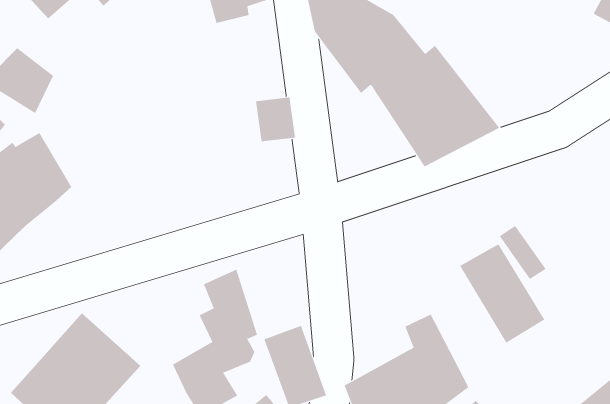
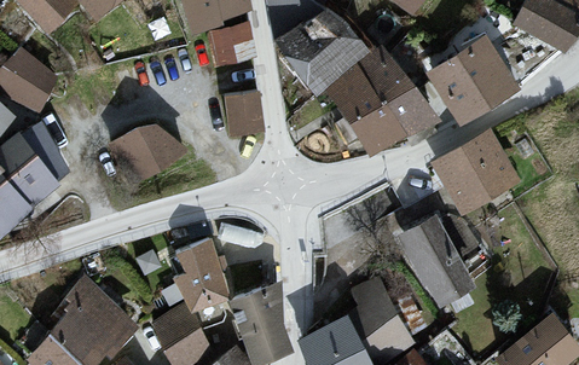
building: none -> [210,25,254,64]
building: none -> [438,34,526,117]
building: none -> [112,131,181,184]
building: none -> [435,135,515,212]

